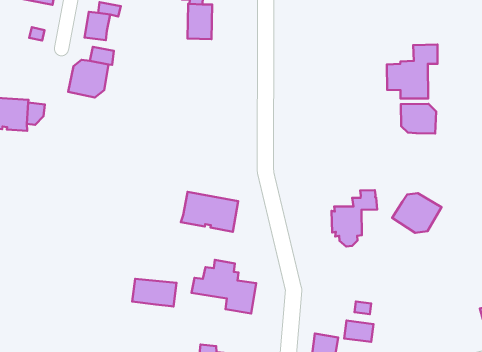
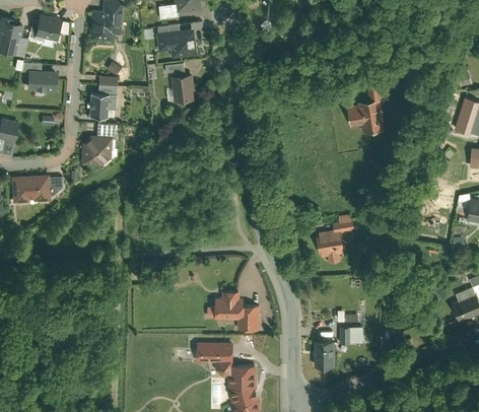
building: [401,104,436,133] -> none
building: [181,192,238,232] -> none
building: [392,193,442,233] -> none
building: [132,279,177,307] -> [199,343,234,363]

